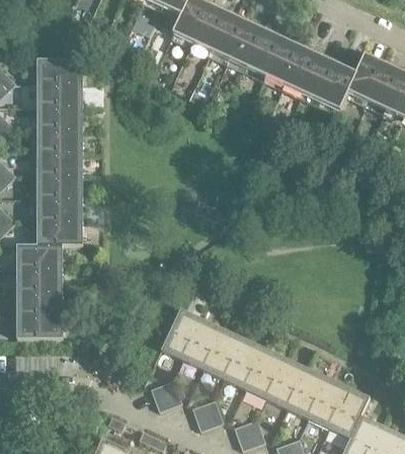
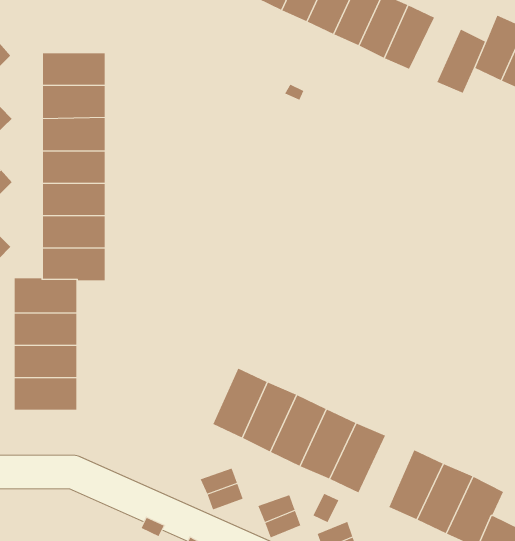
building: [301,56,337,102] -> none
building: [36,58,82,81] -> none
building: [264,357,304,408] -> none

